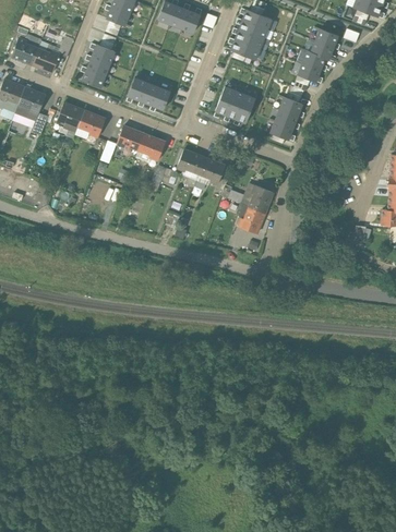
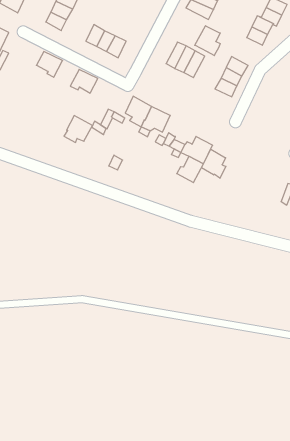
building: none -> [195,26,220,56]
building: [56,101,84,132] -> none
building: [135,133,165,161] -> [64,116,93,142]
building: none -> [201,149,226,178]

